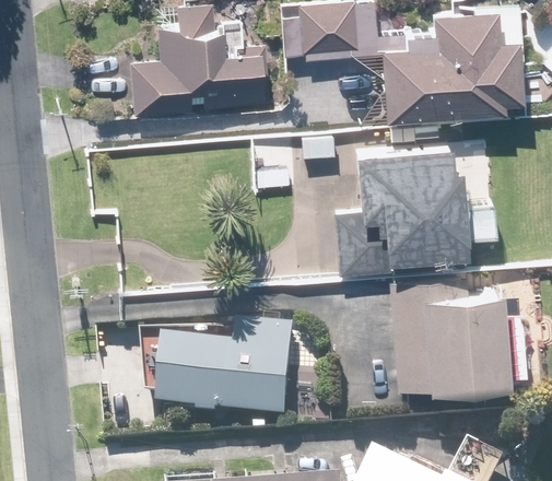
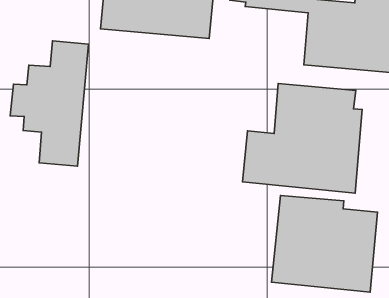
building: none -> [10,41,89,166]
building: [161,324,294,420] -> none

